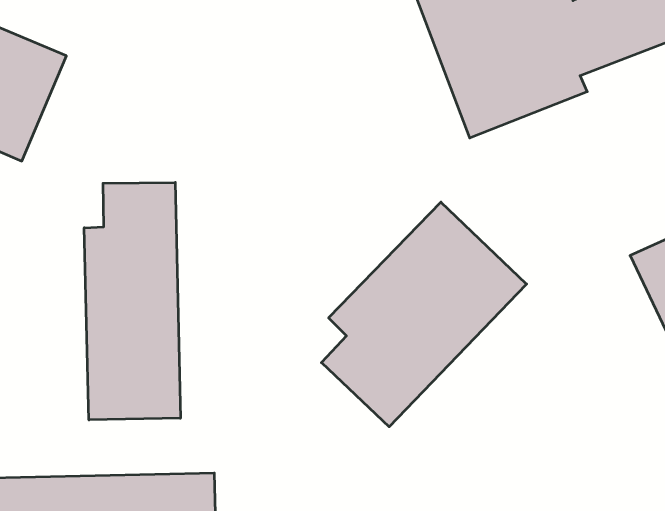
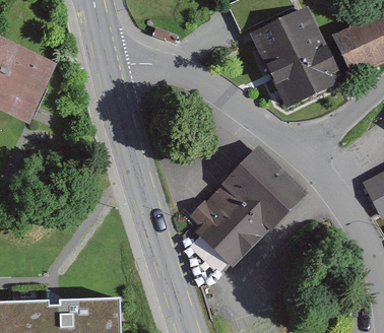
building: [84,182,180,420] -> none

